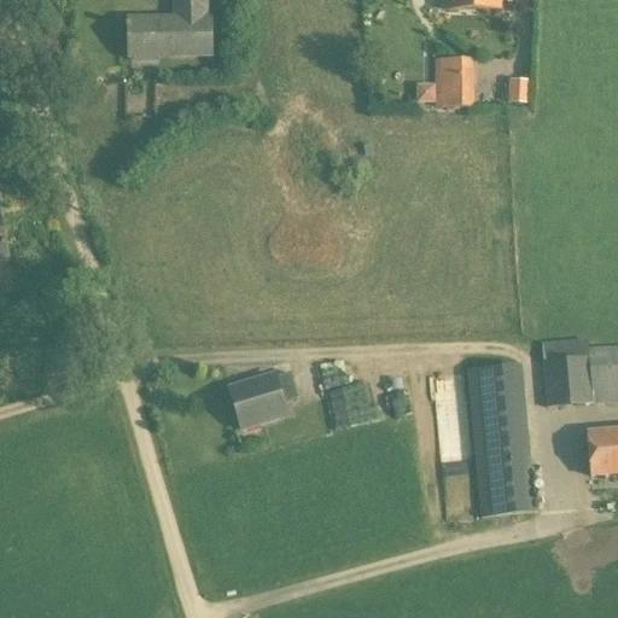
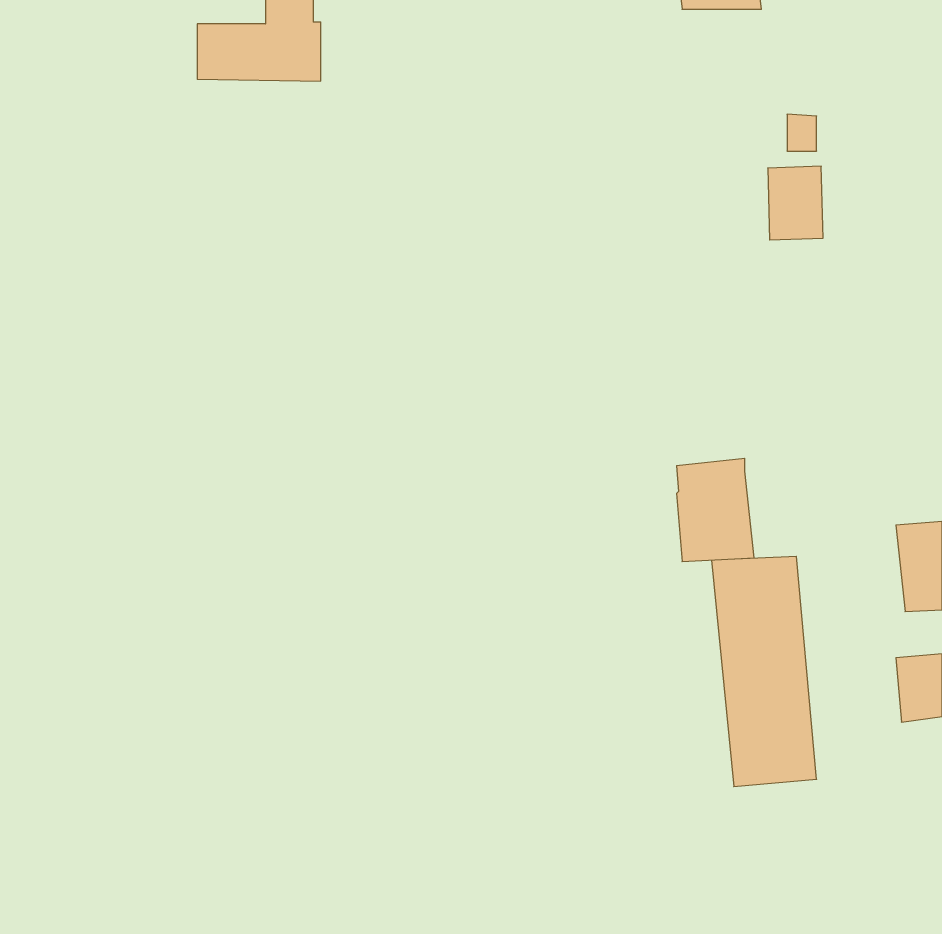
building: [437,57,473,105] -> [768,166,823,240]
building: [542,336,593,403] -> [677,458,754,562]
building: [229,369,297,425] -> none

